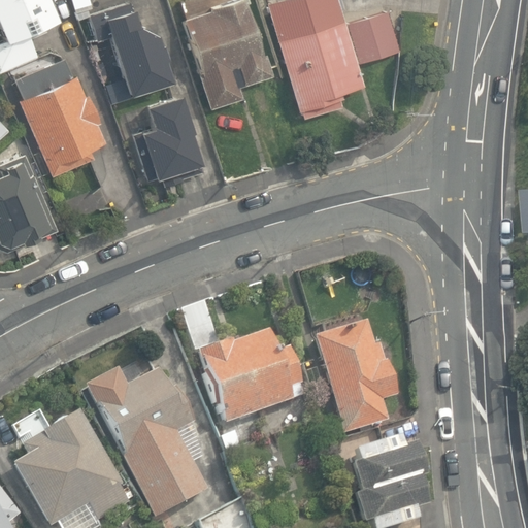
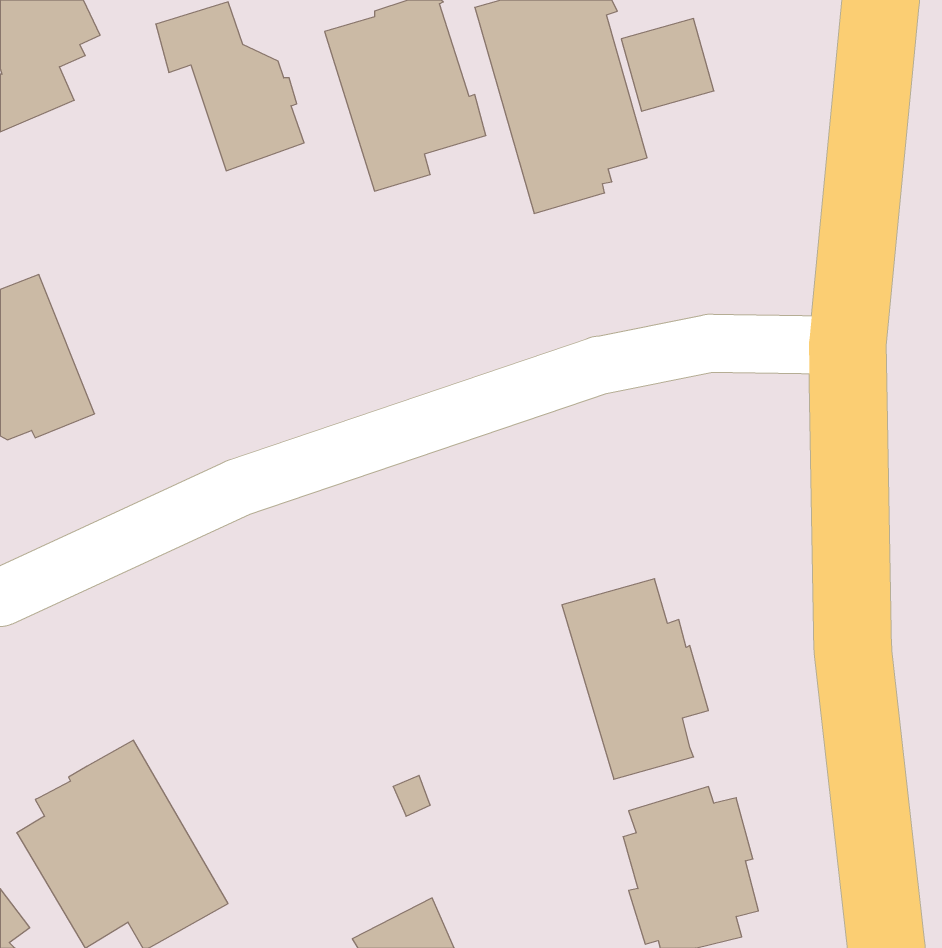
building: [15,57,106,175] -> none
building: [133,93,200,179] -> none
building: [184,301,304,424] -> none
building: [86,367,208,518] -> none

